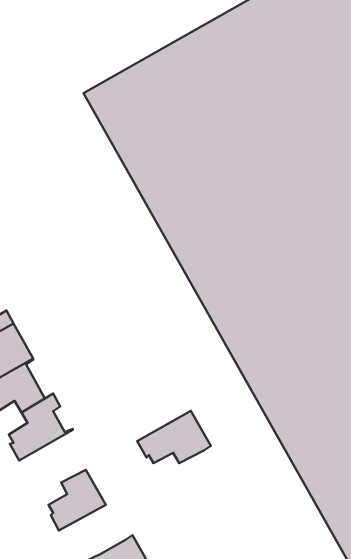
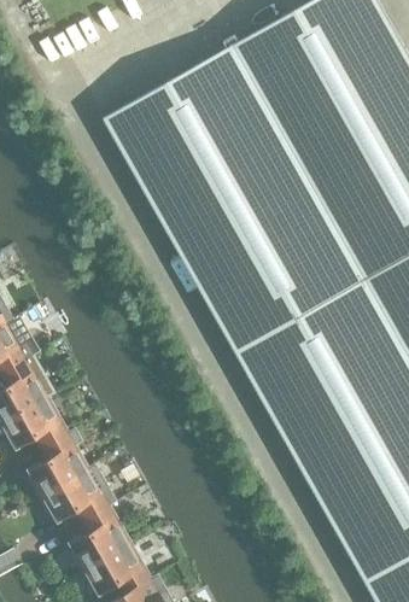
building: [137,411,211,463] -> [39,466,115,520]
building: none -> [80,543,148,594]

